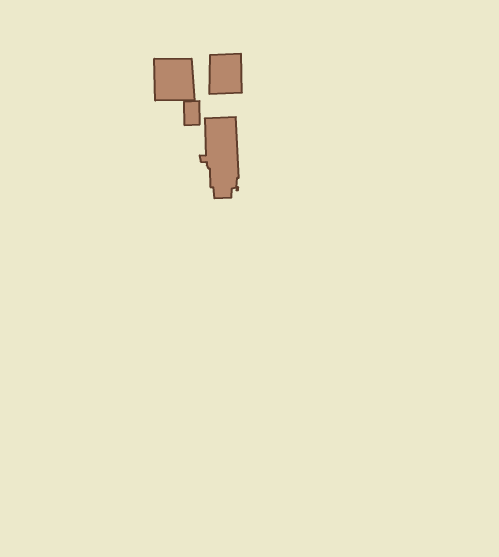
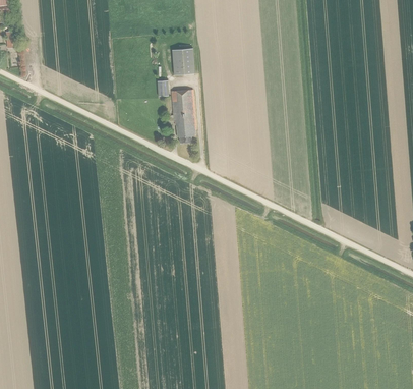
building: [154,59,194,101] -> none

